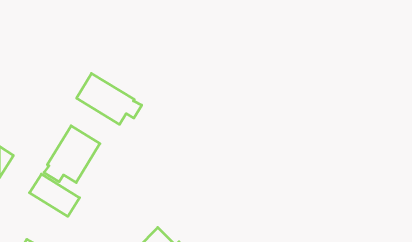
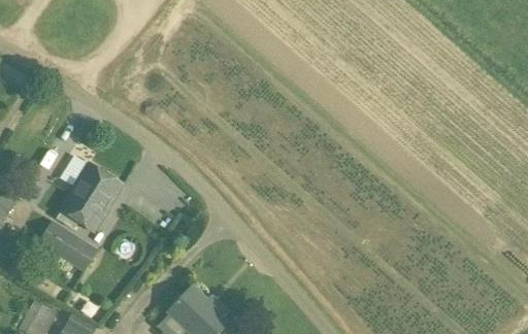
building: [77,73,142,124] -> none

